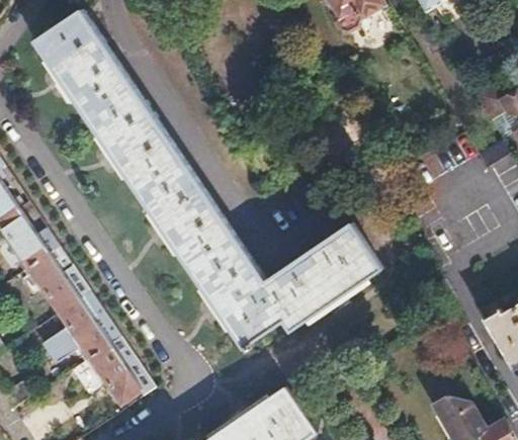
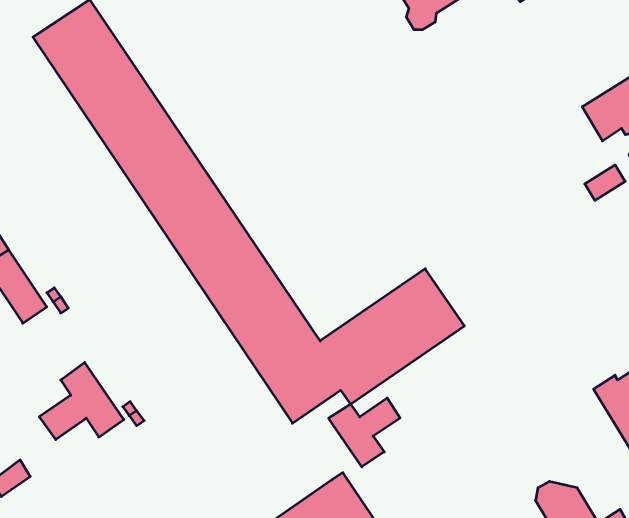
building: [27,255,77,314] -> none
building: none -> [329,398,400,467]
building: [88,345,139,404] -> none

